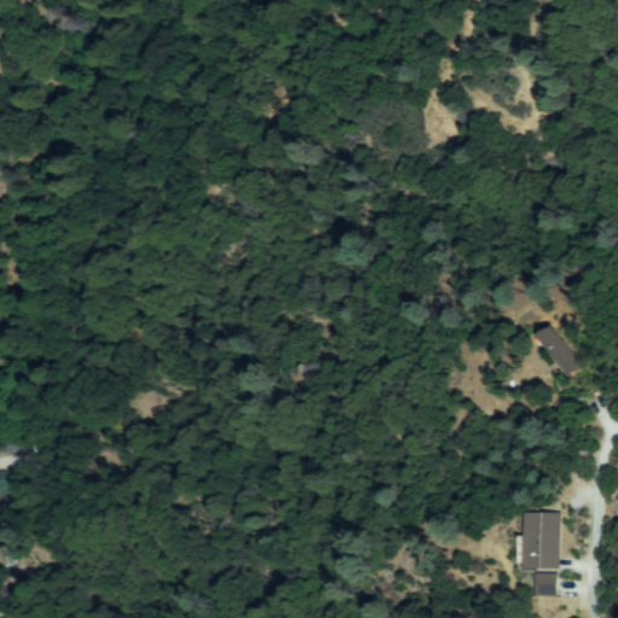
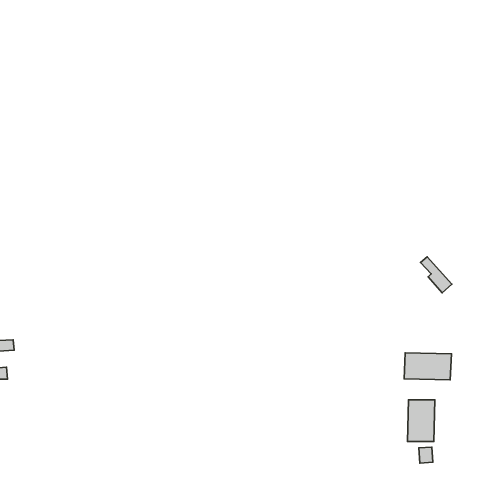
building: none -> [404,353,451,380]

